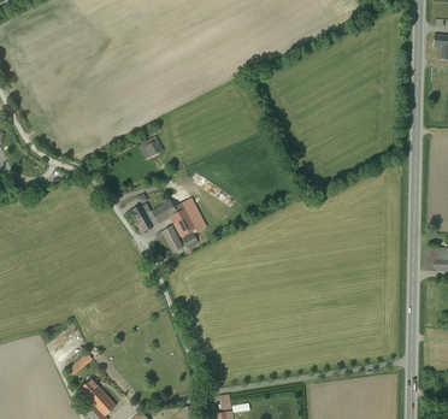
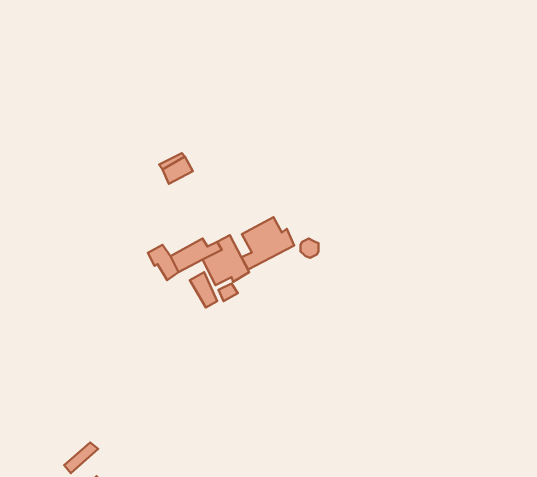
building: none -> [241,217,294,269]

